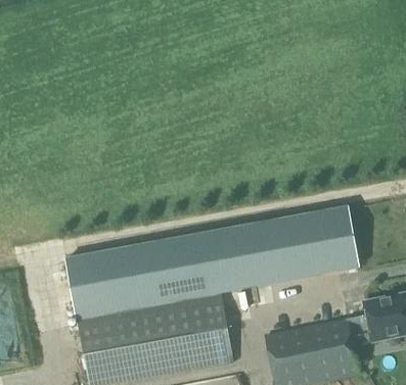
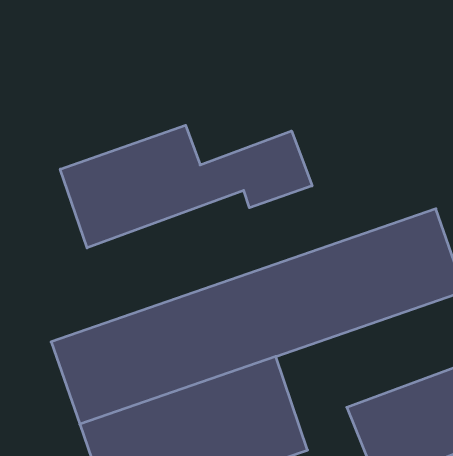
building: none -> [60,125,312,248]

